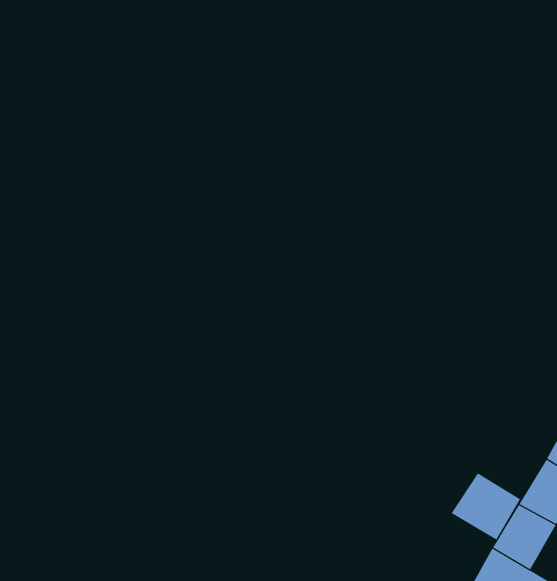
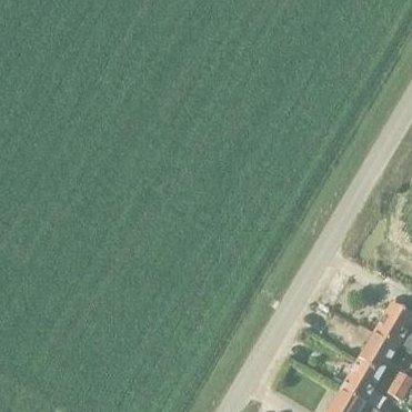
building: [451,473,521,540] -> none

